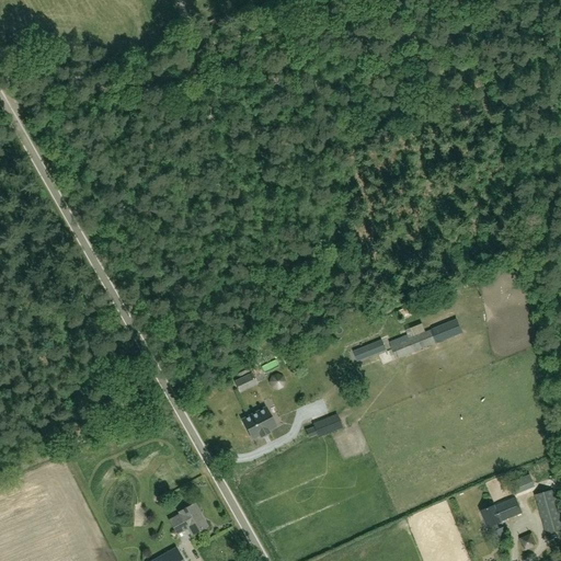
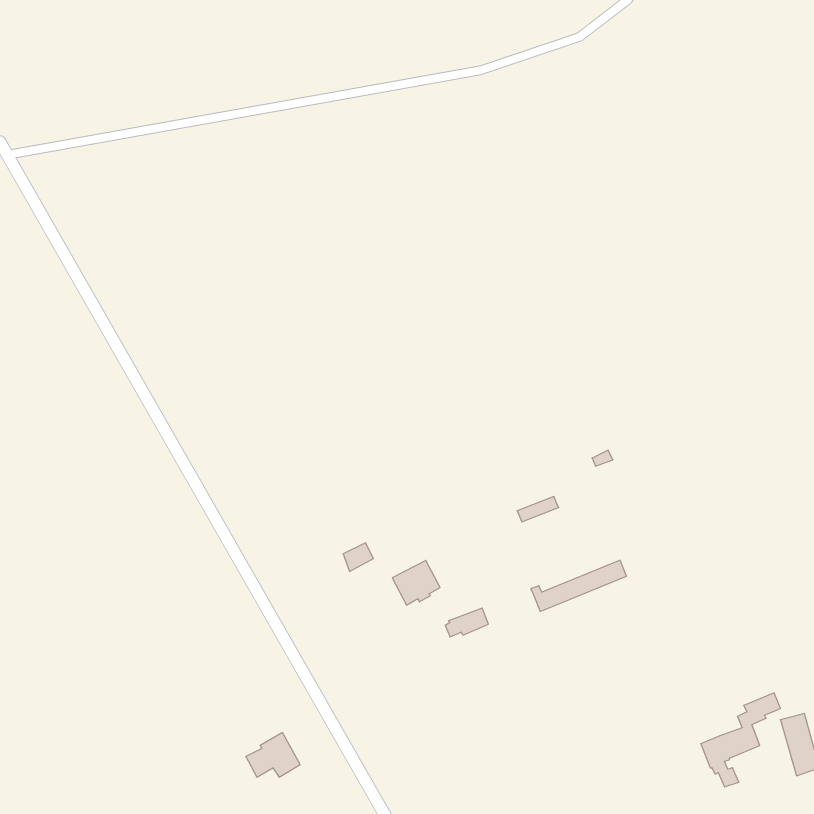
building: [390,322,456,357] -> [531,560,626,611]
building: [243,407,276,437] -> [392,560,440,605]

